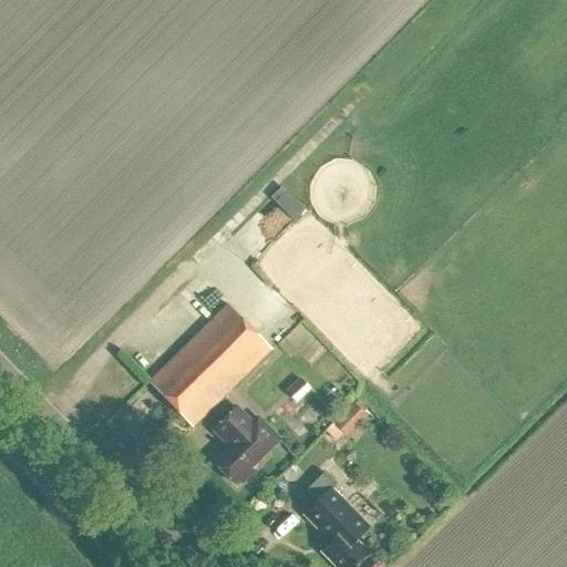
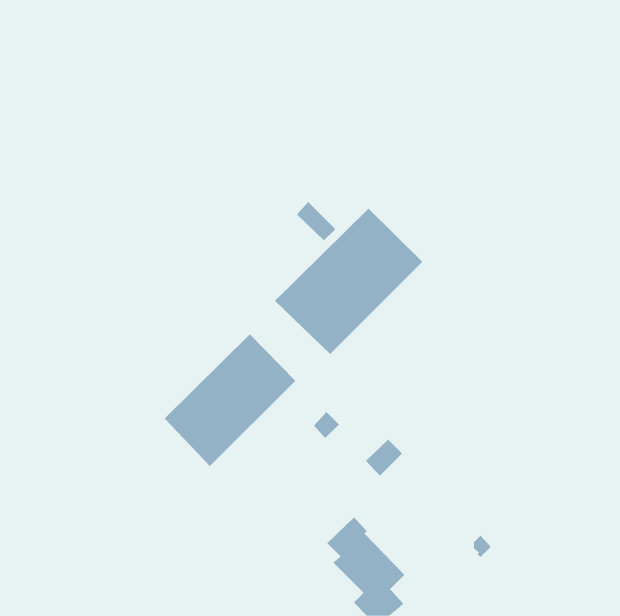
building: none -> [274,208,423,355]
building: [214,406,278,483] -> none

